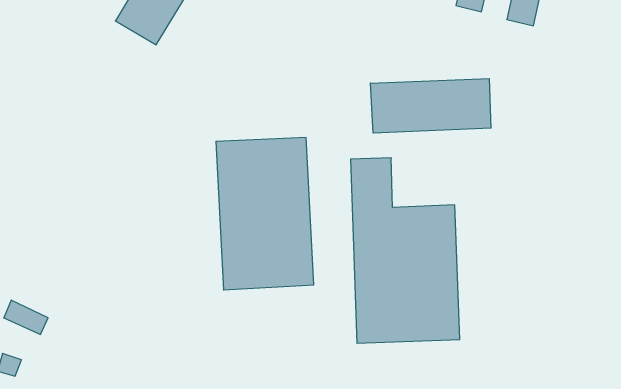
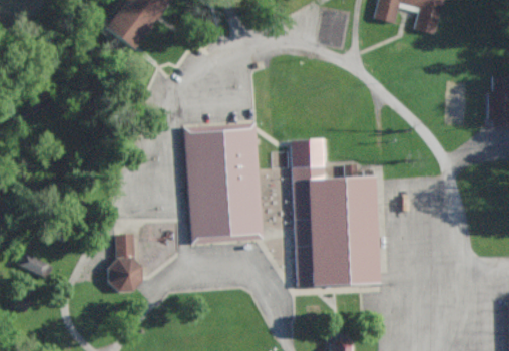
building: [370,79,491,133] -> none
building: none -> [112,234,138,290]

